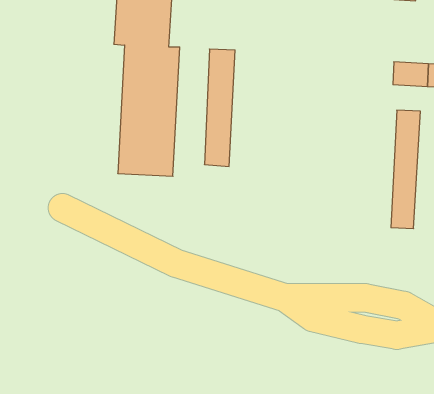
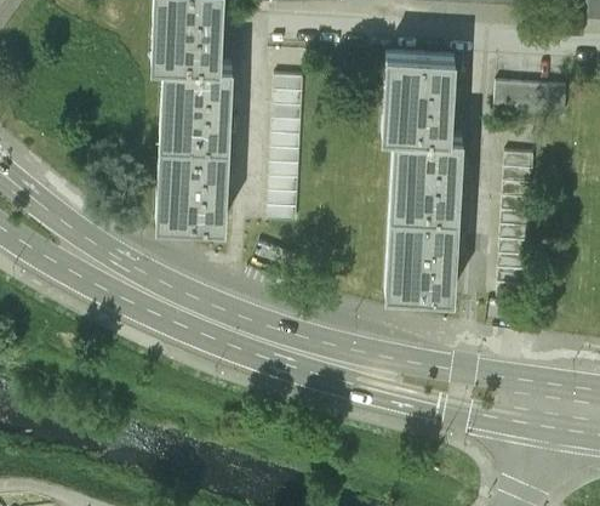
building: none -> [383,55,462,297]

